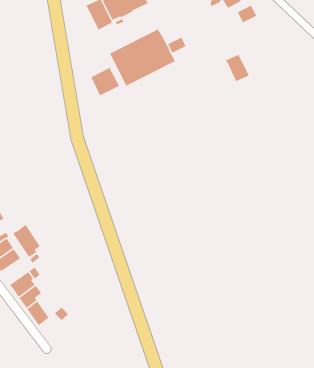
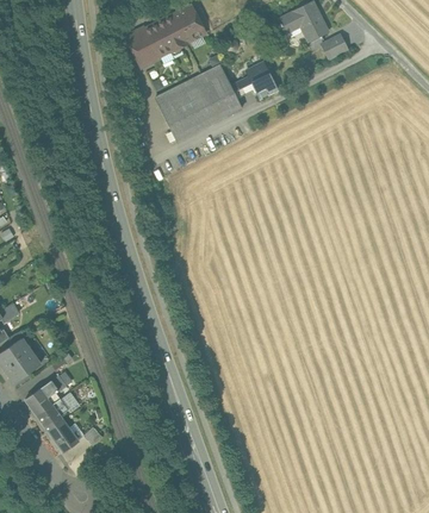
building: [225,54,250,82] -> [245,61,278,98]
building: [90,67,120,96] -> none
building: [12,224,41,258] -> none

